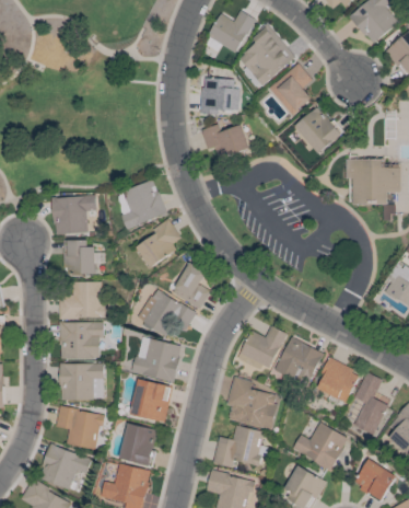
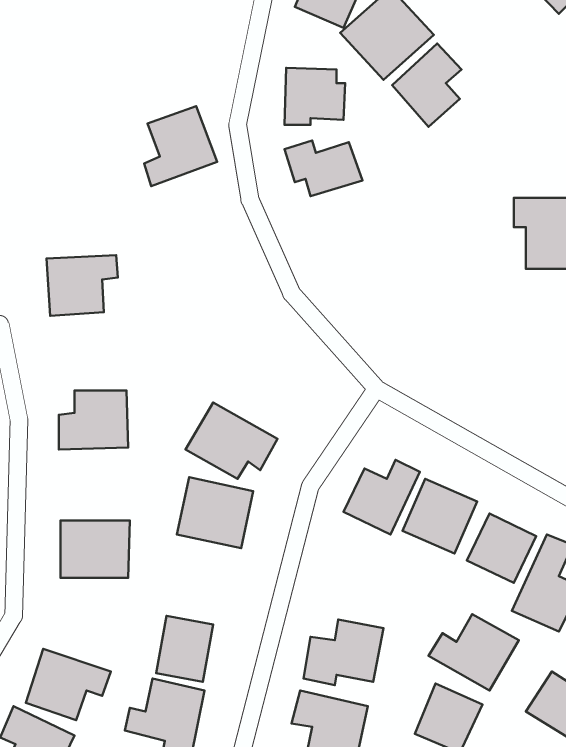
building: [294,105,342,154] -> none
building: [121,180,167,230] -> [144,106,217,186]
building: [136,219,180,268] -> none
building: [63,240,104,274] -> none
building: [174,263,210,308] -> none
building: [59,322,104,359] -> none
building: [226,377,279,430] -> none
building: [131,379,172,422] -> none
building: [56,406,103,449] -> none

